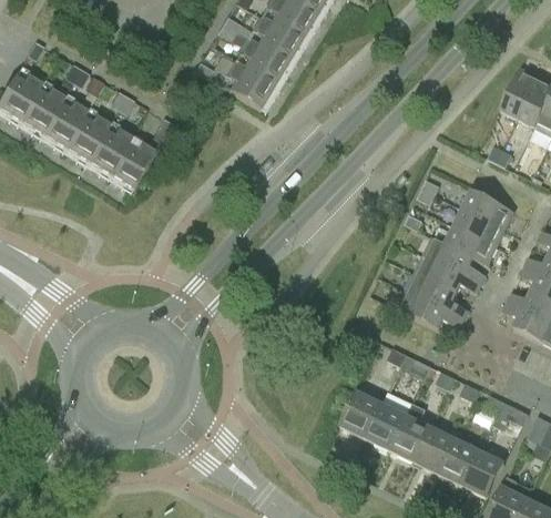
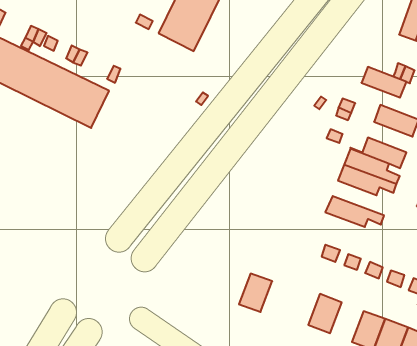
building: [452,210,504,248] -> [361,67,406,98]
building: [406,274,468,319] -> none
building: [340,393,381,438] -> [239,274,272,312]
building: [389,404,430,463] -> none

